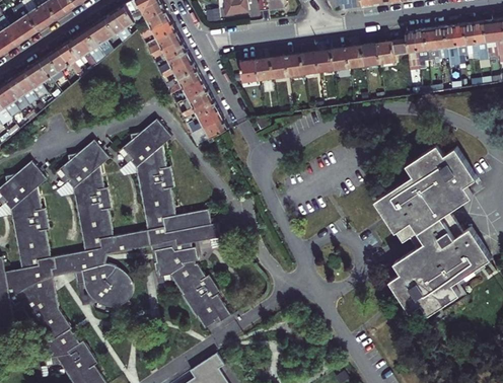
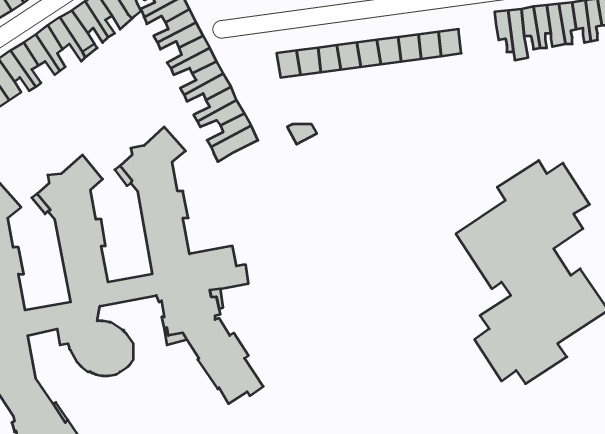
building: [378,41,410,63] -> none

